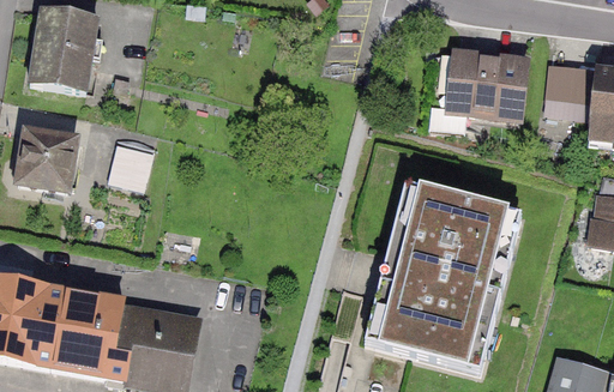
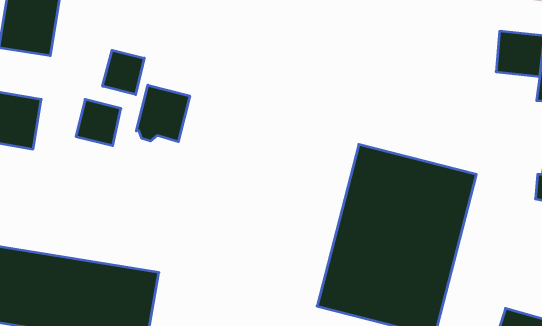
building: [433,50,524,127] -> none
building: none -> [103,50,144,95]
building: none -> [136,85,190,142]

